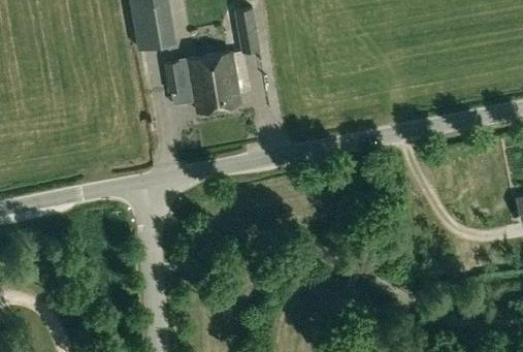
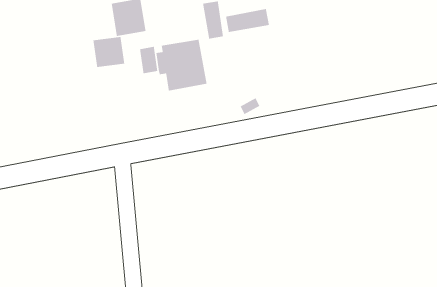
building: none -> [225,8,270,33]
building: none -> [92,36,125,68]

